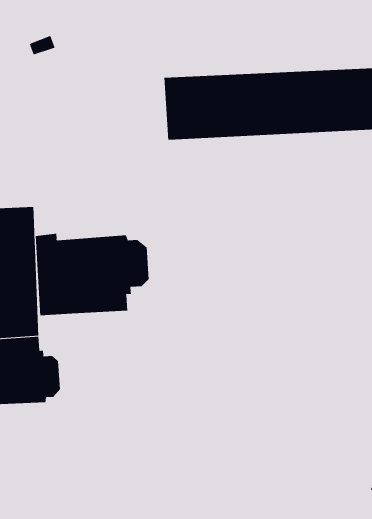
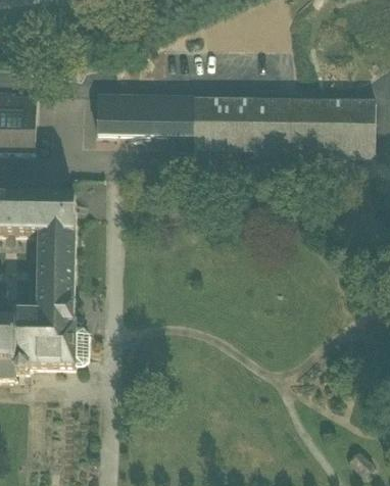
building: none -> [96,94,194,152]
building: [35,233,149,316] -> none

